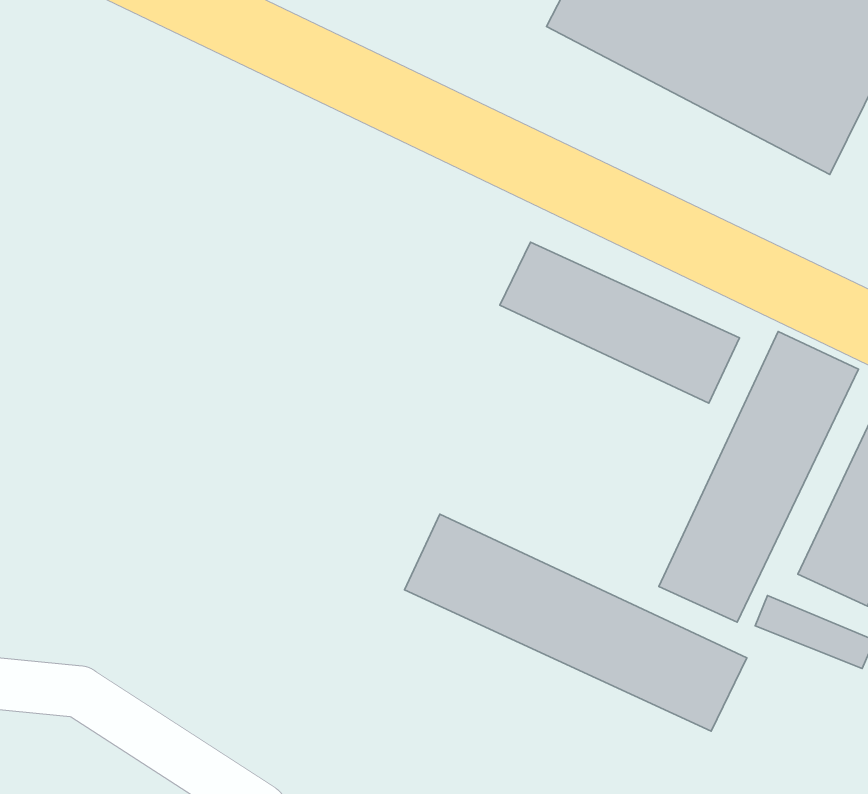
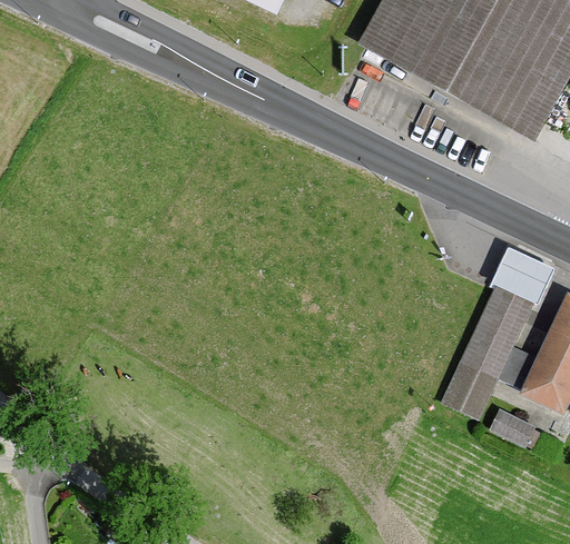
building: [500,242,740,403] -> none
building: [404,514,747,731] -> none

